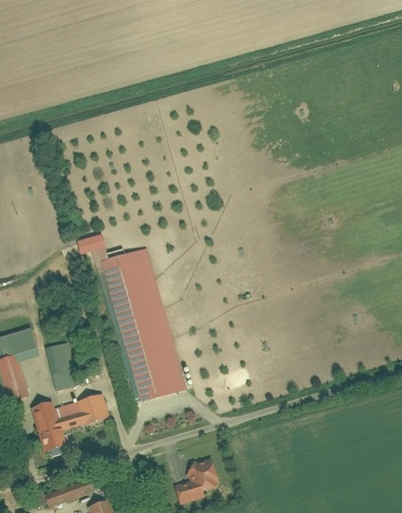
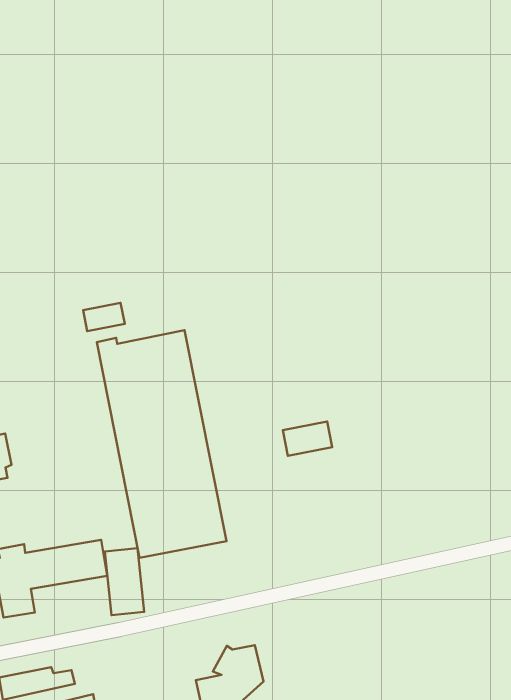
building: none -> [283,421,332,456]
building: [46,343,76,390] -> [105,548,144,615]

